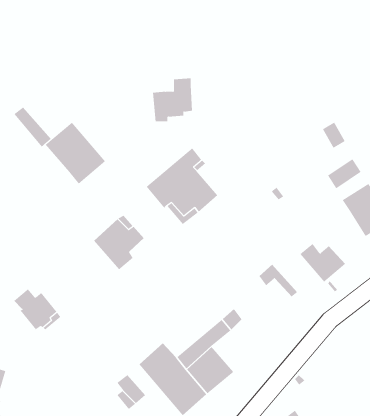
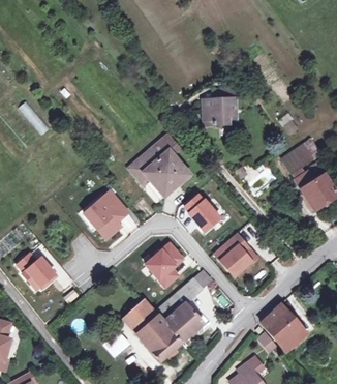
building: [152,78,193,122] -> [202,88,236,125]
building: [45,122,106,185] -> none
building: none -> [184,195,220,232]
building: [299,243,346,282] -> [213,243,252,276]
building: none -> [146,243,183,287]
building: none -> [262,304,306,351]

